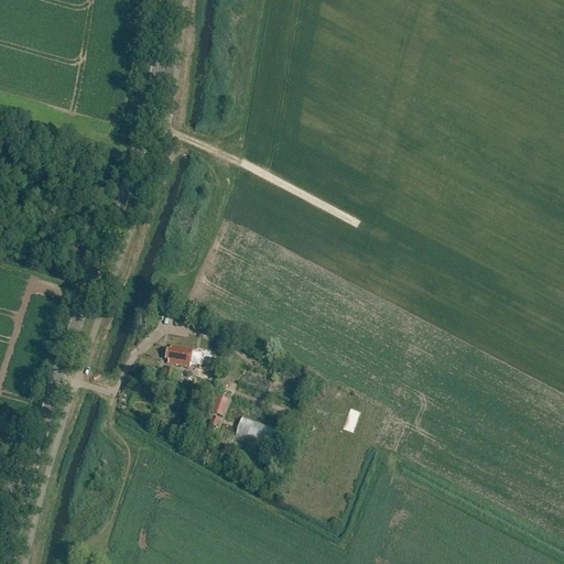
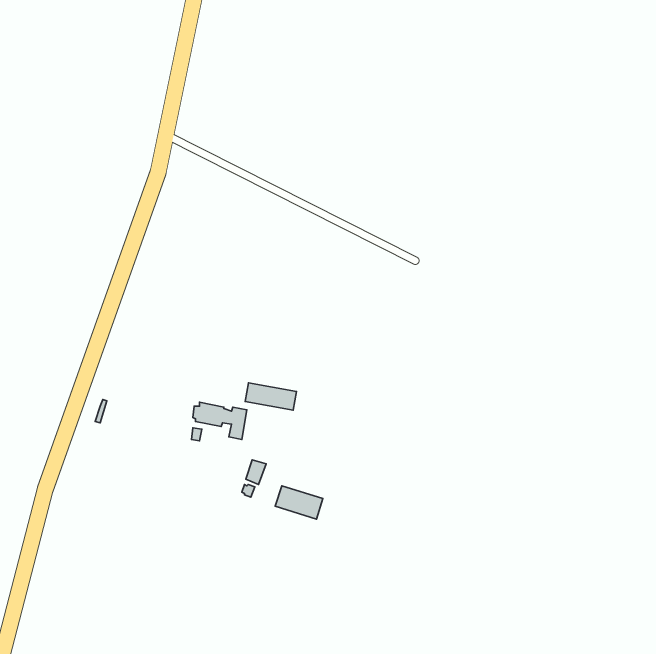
building: none -> [245,383,296,410]

